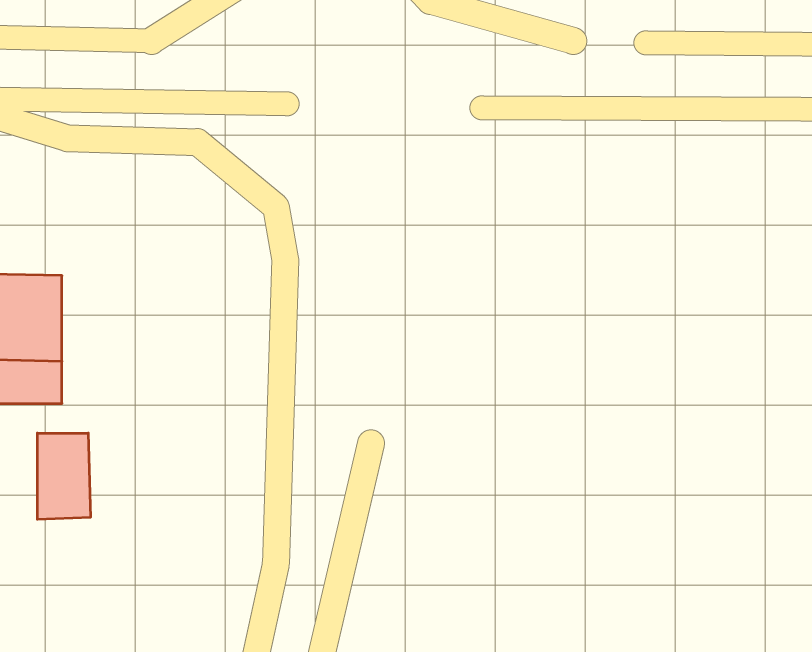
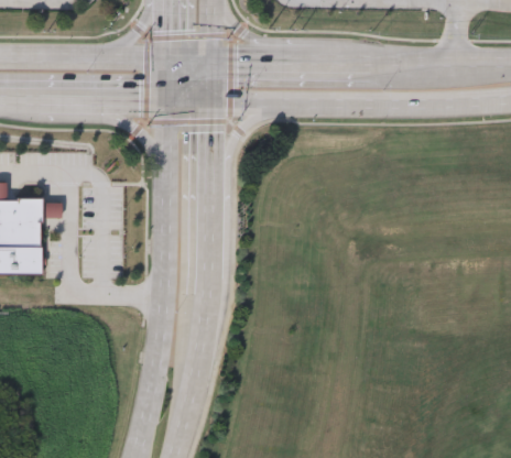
building: [37,433,90,519] -> none

